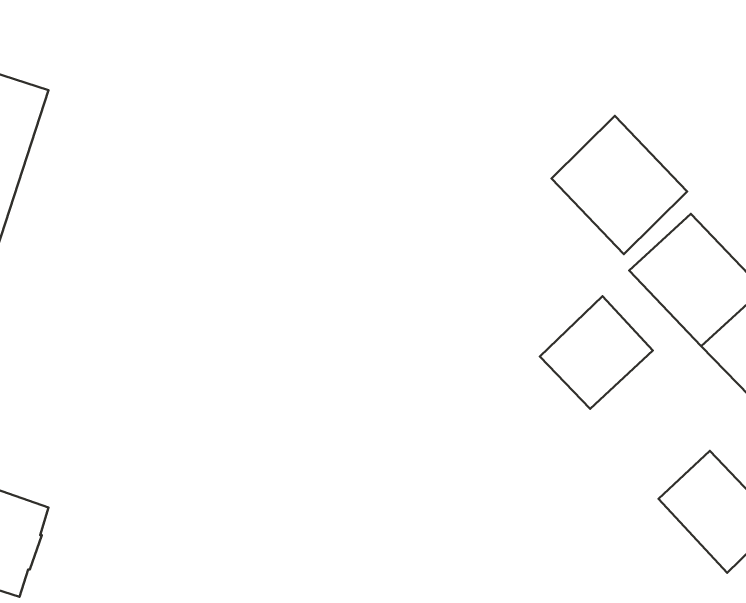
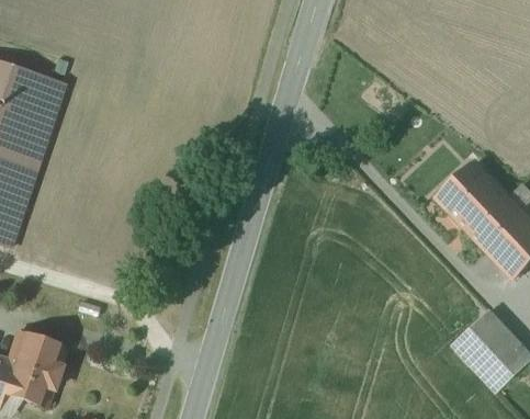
building: [552,116,687,254] -> none
building: [540,296,653,409] -> none

